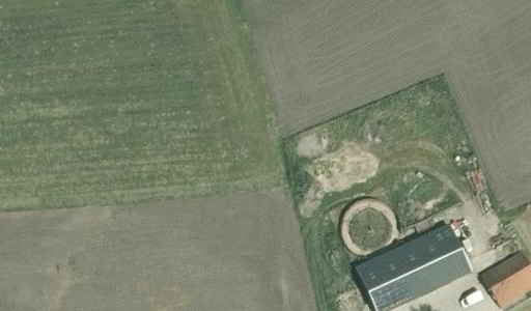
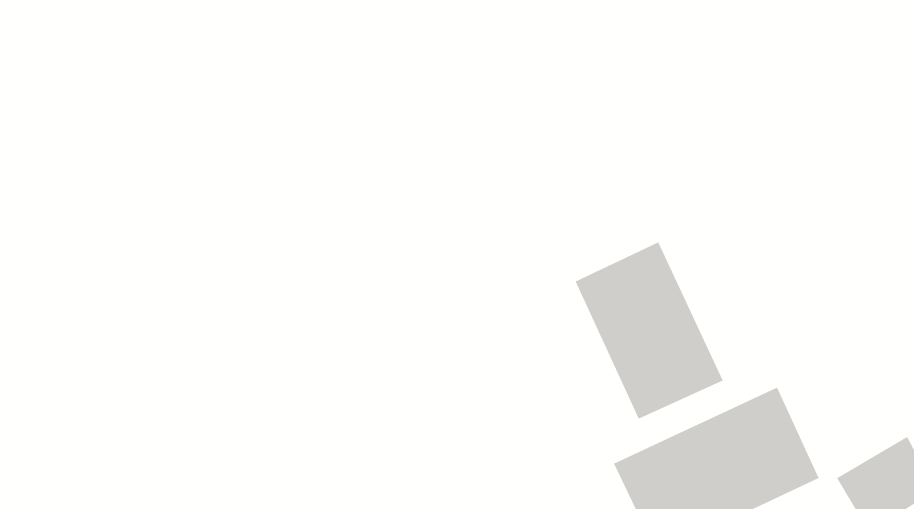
building: none -> [575,242,724,420]

